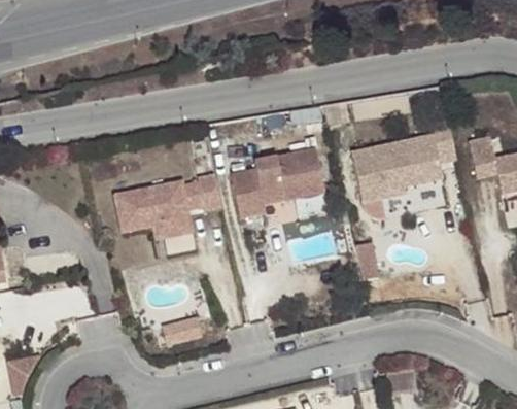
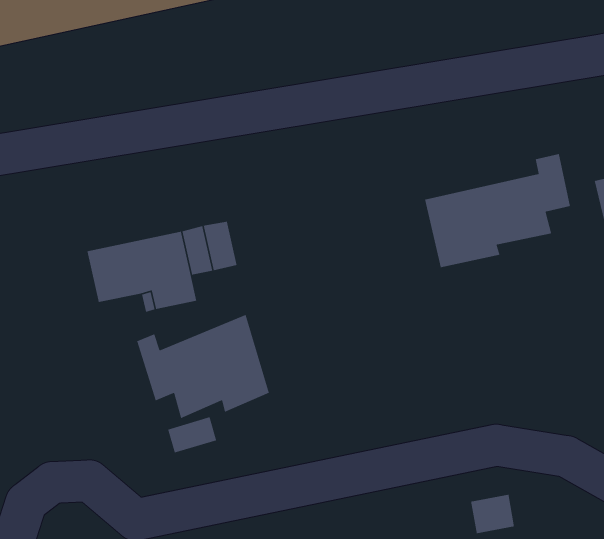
building: [228,146,321,216] -> none
building: none -> [136,314,270,419]

